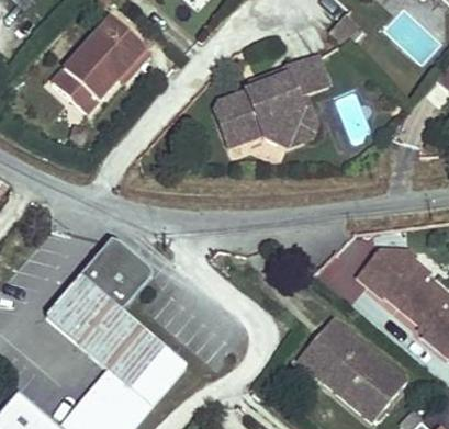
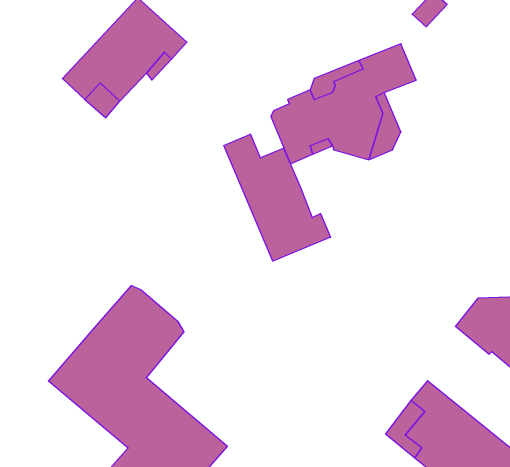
building: none -> [224,134,331,261]

